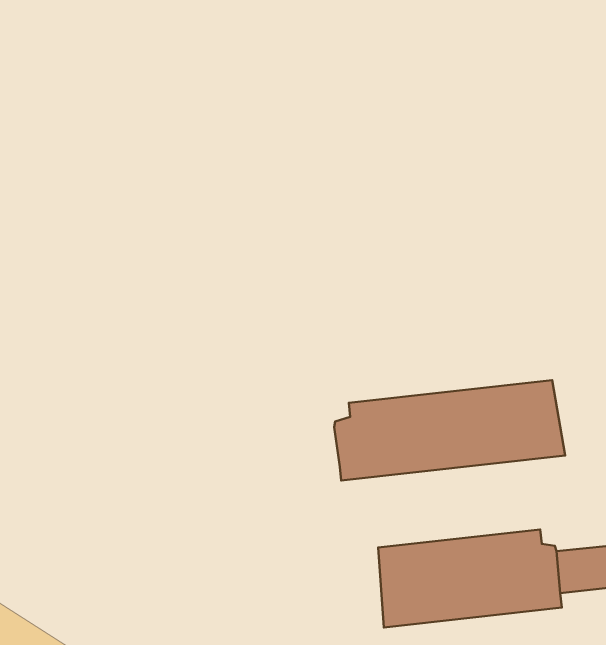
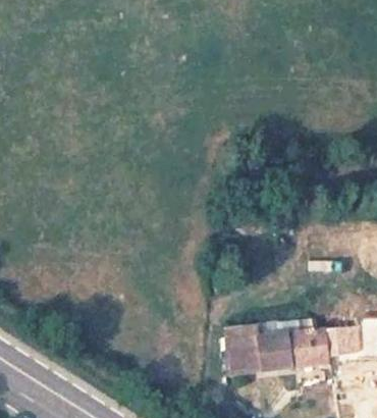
building: [334,380,565,481] -> none

